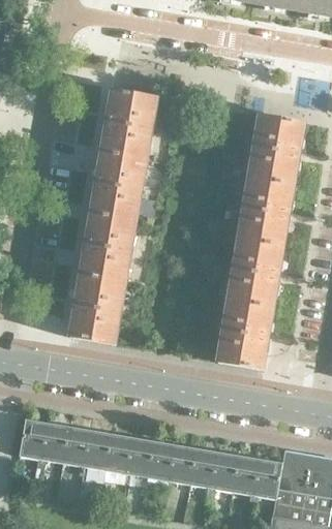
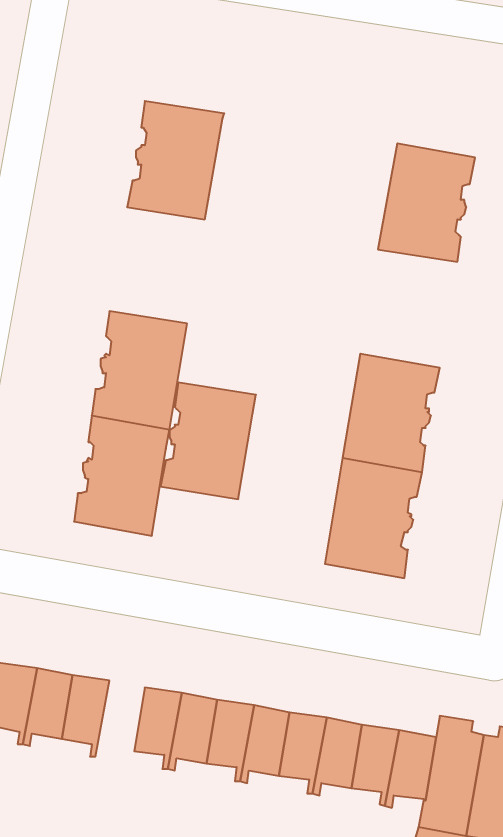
building: [89,152,145,220] -> [161,382,256,499]
building: [236,177,293,246] -> none
building: [81,429,110,474] -> none

